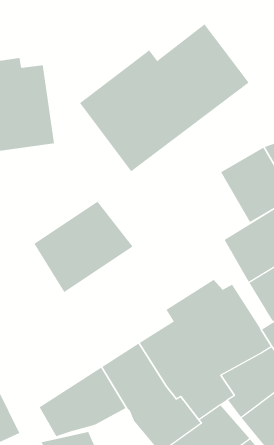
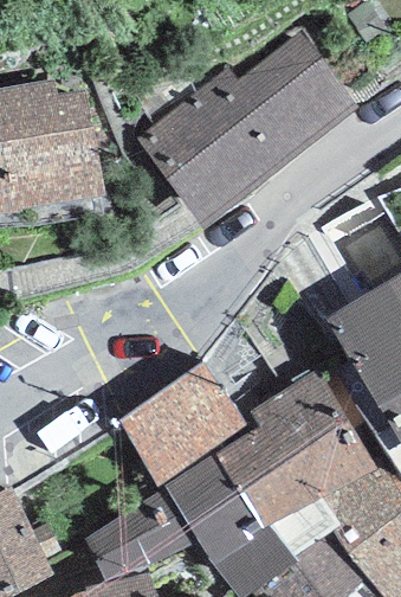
building: [34,201,134,293] -> [118,365,251,487]

